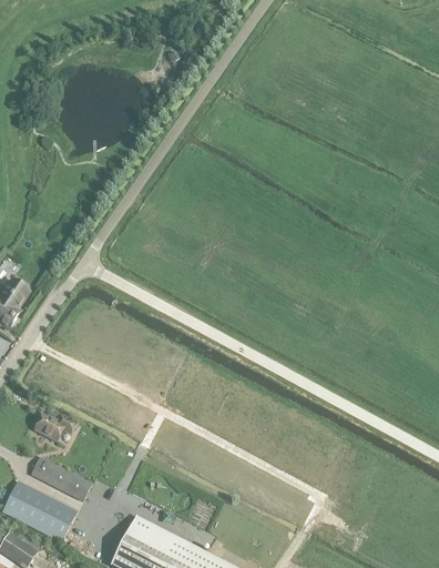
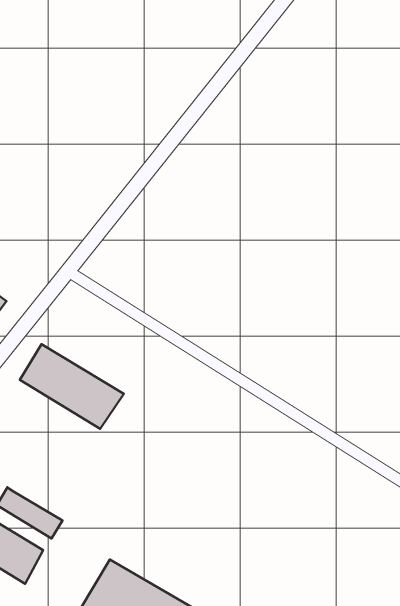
building: none -> [20,344,124,429]
building: [37,414,75,440] -> none

